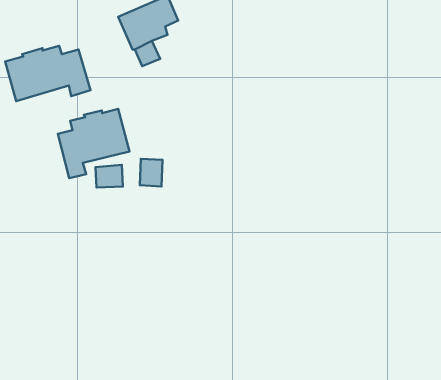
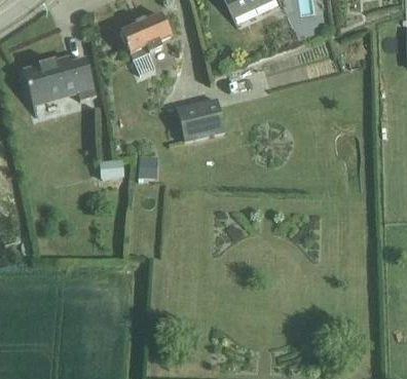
building: none -> [176,99,224,141]
building: [58,109,130,178] -> none

